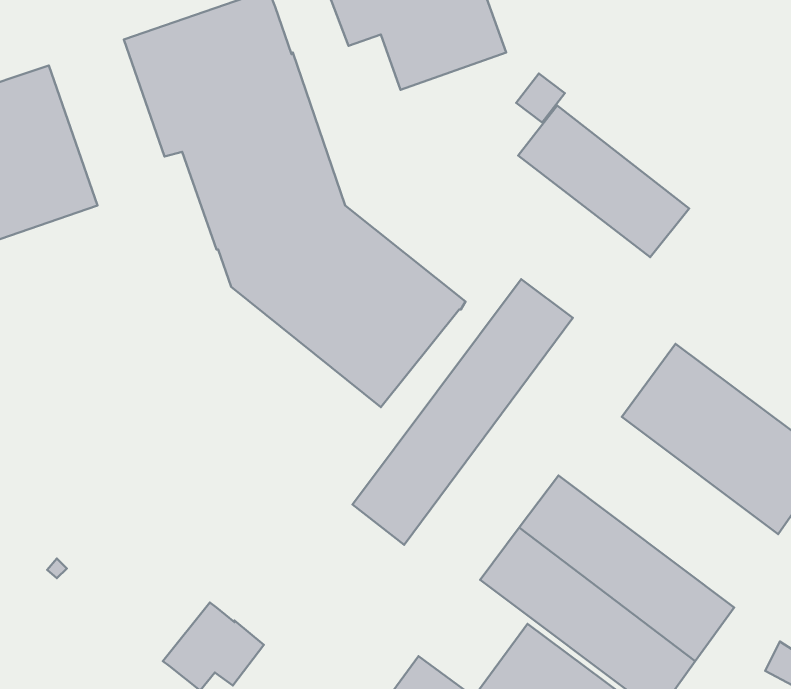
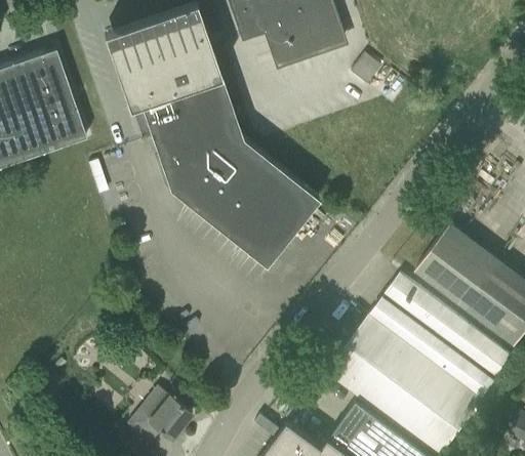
building: [518,106,689,257] -> none
building: [352,279,573,545] -> none
building: none -> [376,276,512,391]

